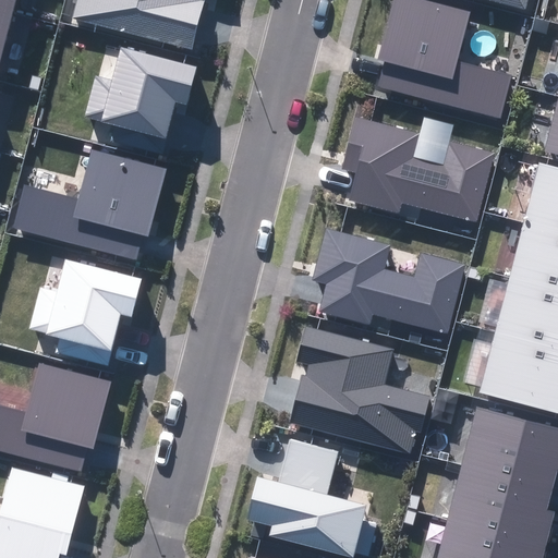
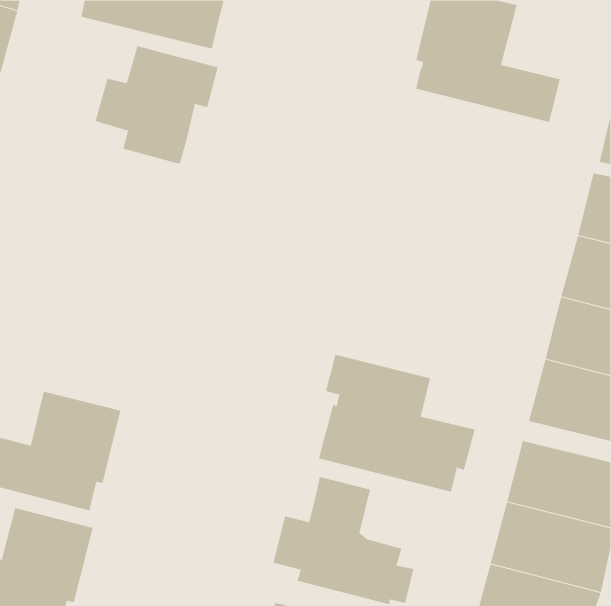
building: [342,119,494,223] -> none
building: [14,150,166,259] -> none
building: [311,229,466,335] -> none
building: [29,258,145,364] -> none

